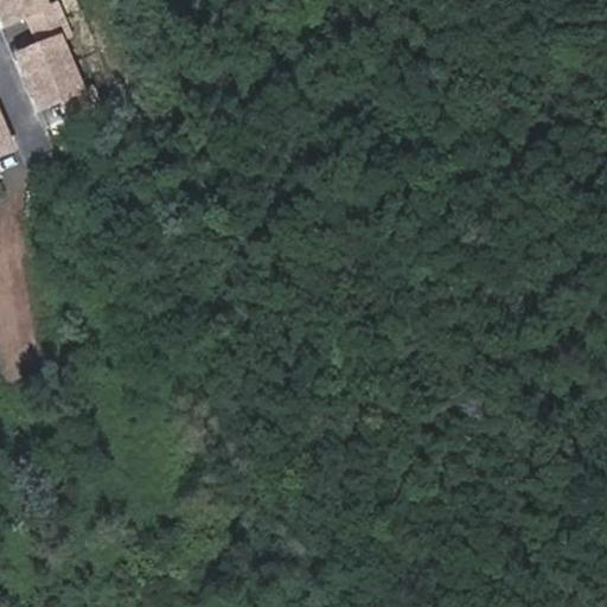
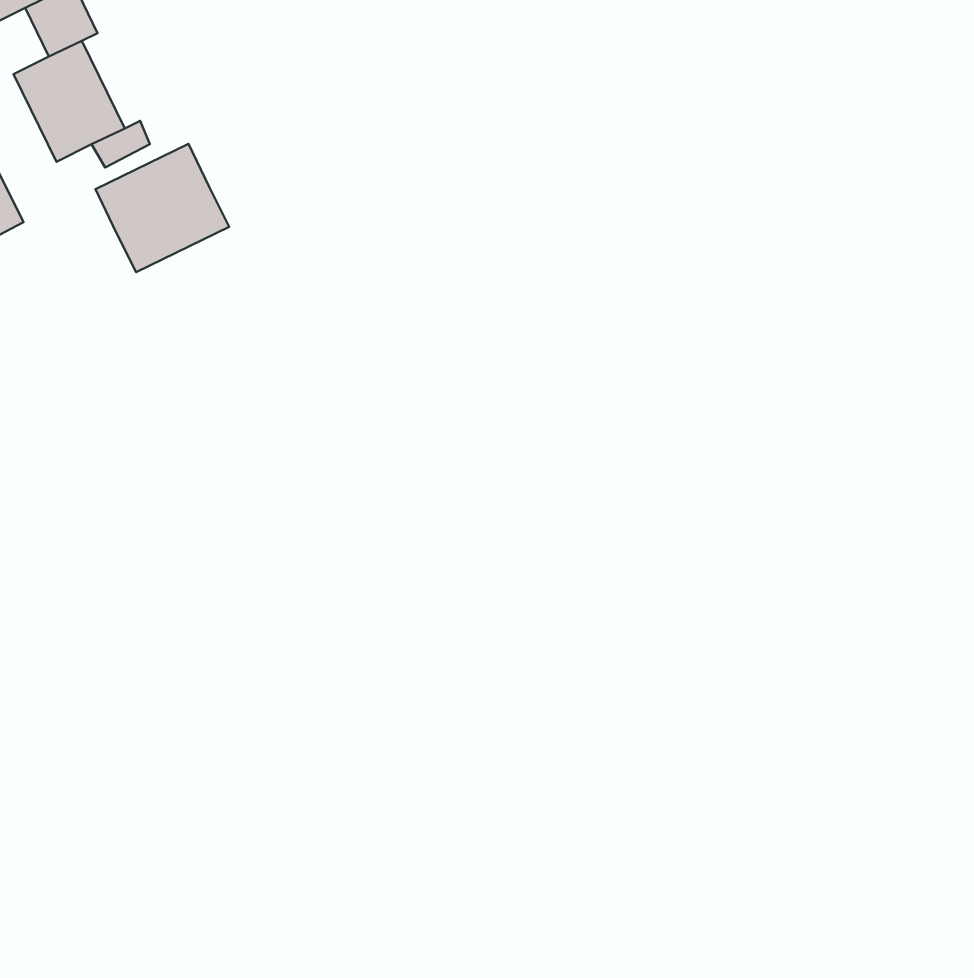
building: none -> [95,144,229,272]

